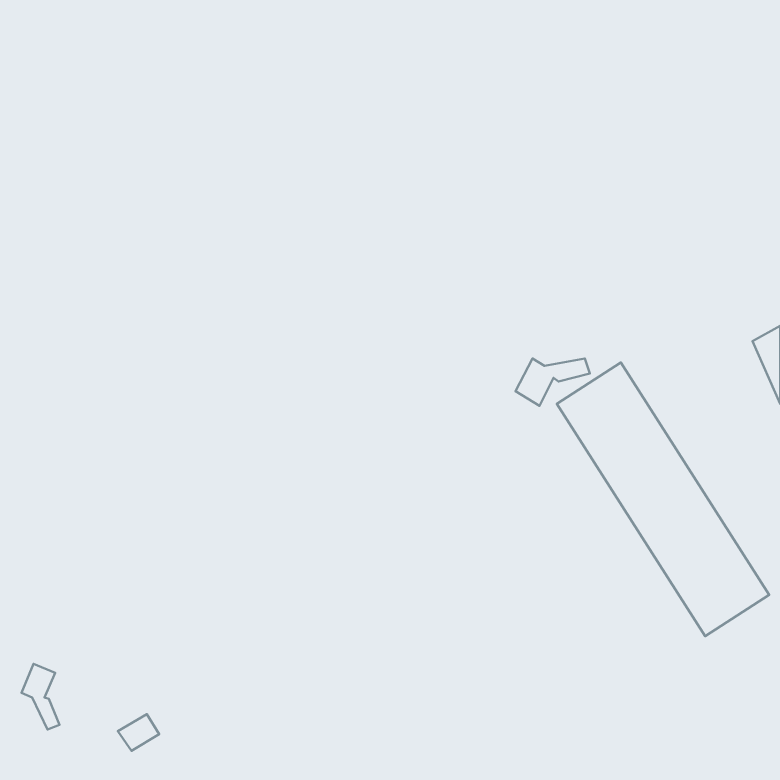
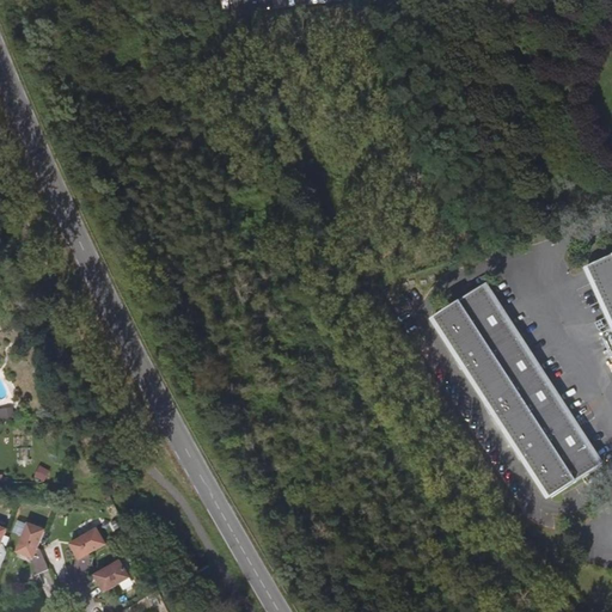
building: [515,358,590,406] -> none
building: none -> [68,527,100,576]

